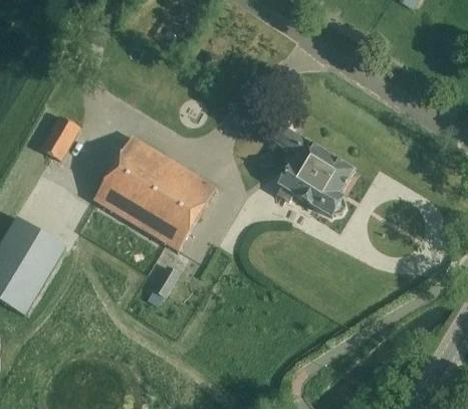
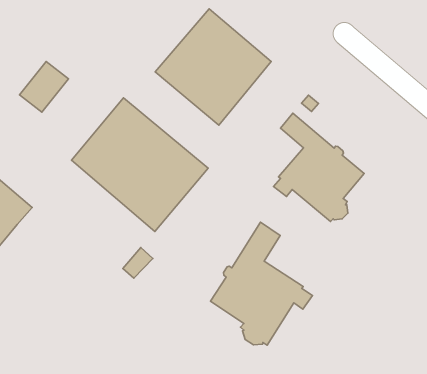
building: none -> [155,9,271,125]
building: none -> [211,222,312,345]

